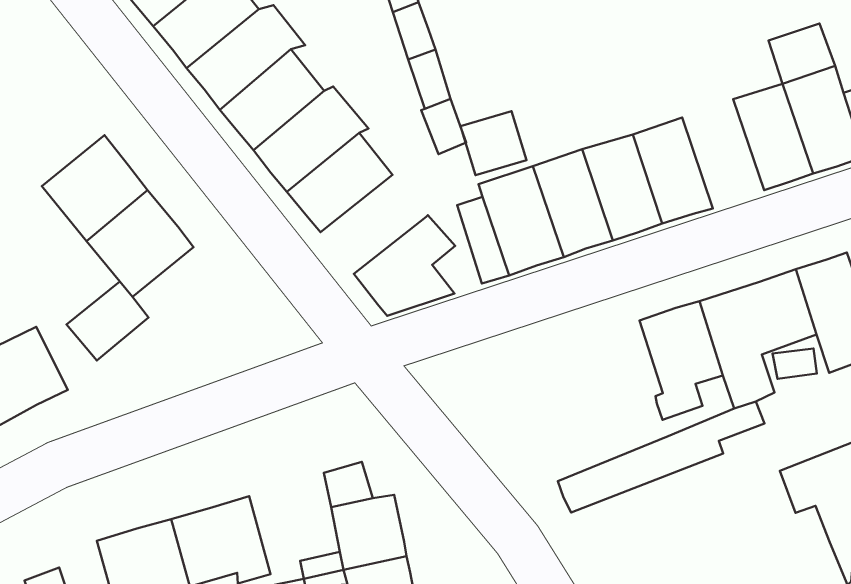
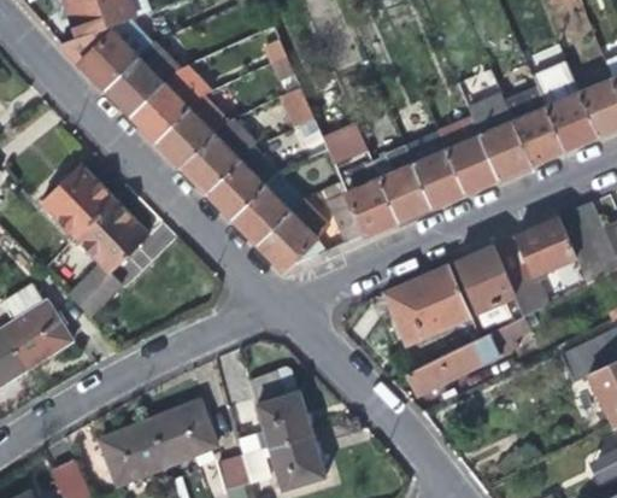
building: none -> [468,92,533,178]
building: none -> [233,175,304,245]
building: none -> [387,262,472,342]

